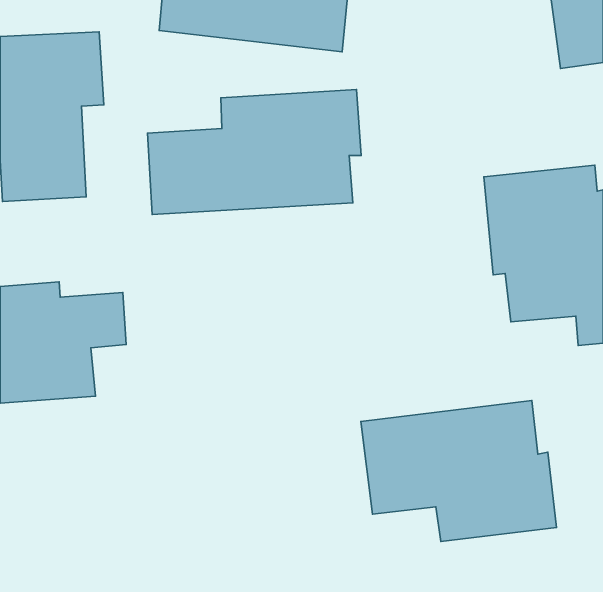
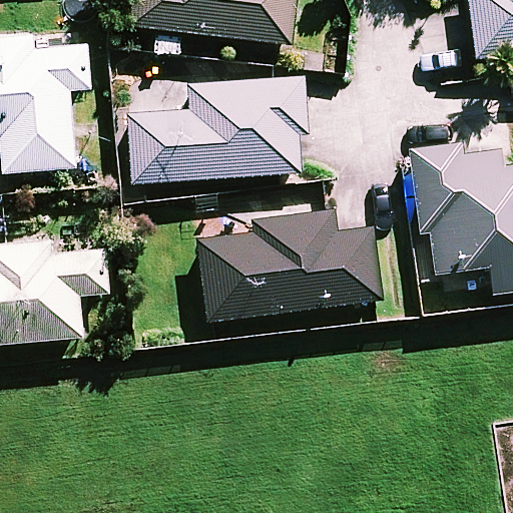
building: none -> [198,210,381,321]
building: [361,401,556,541] -> none

